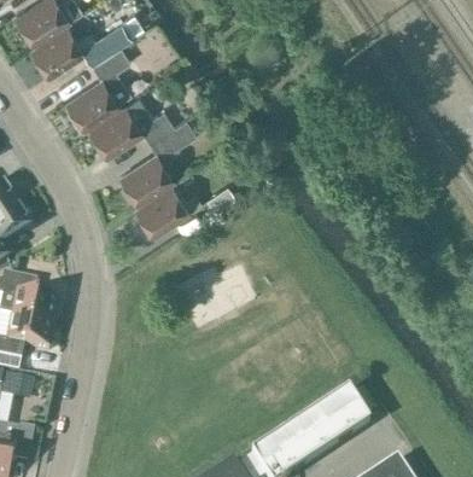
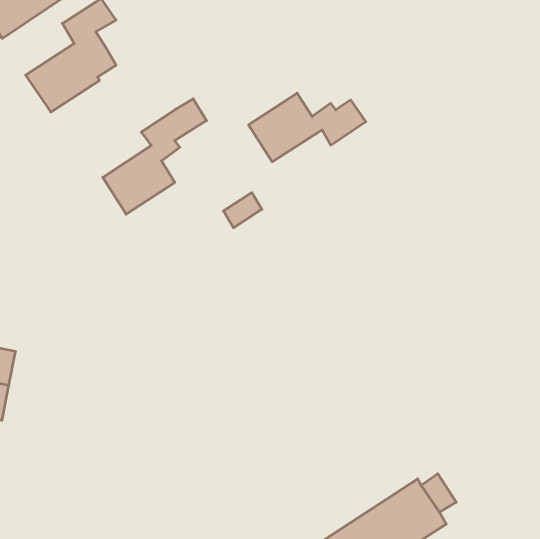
building: [87,104,171,153] -> [249,93,366,162]
building: [133,184,199,233] -> none

